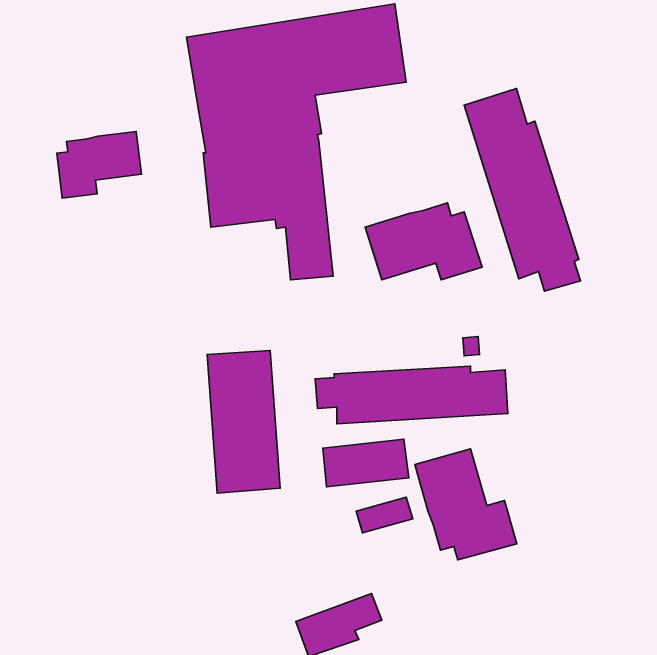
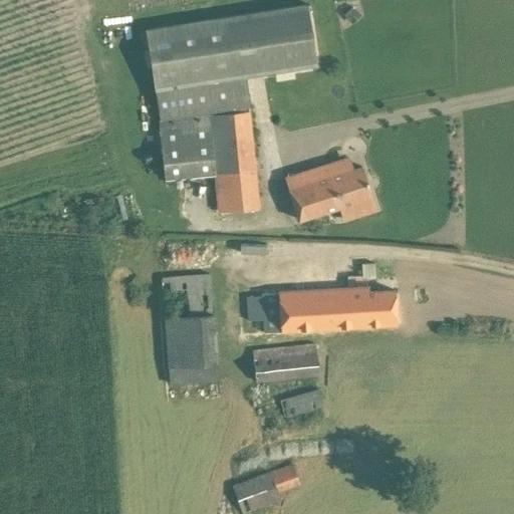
building: [464,89,580,291] -> none
building: [57,131,142,198] -> none
building: [415,449,517,560] -> none

